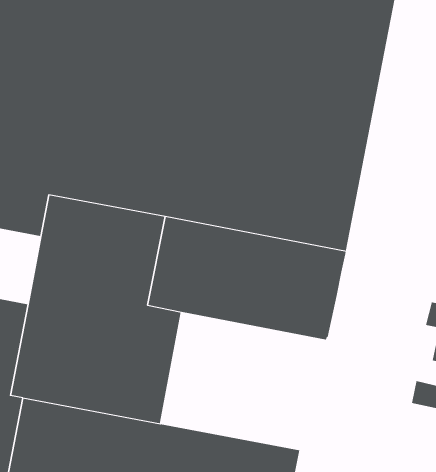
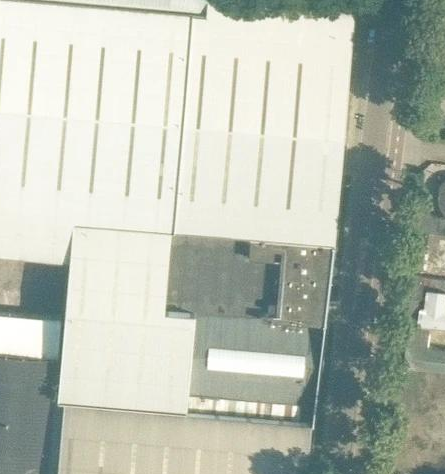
building: none -> [187,317,324,426]

